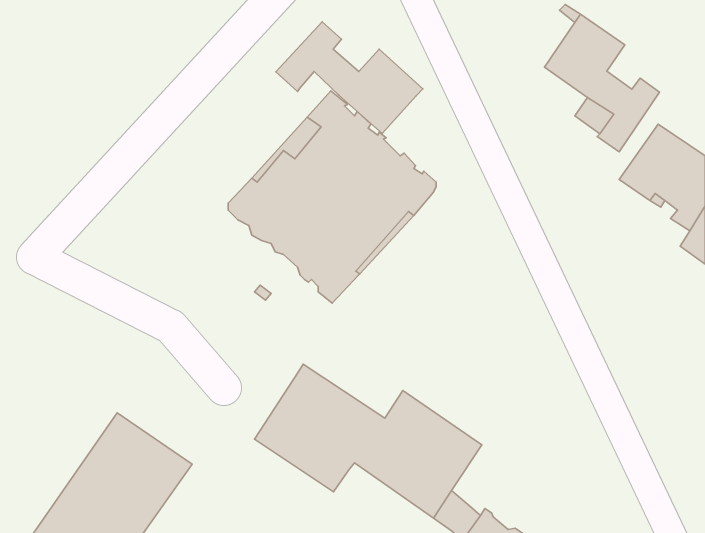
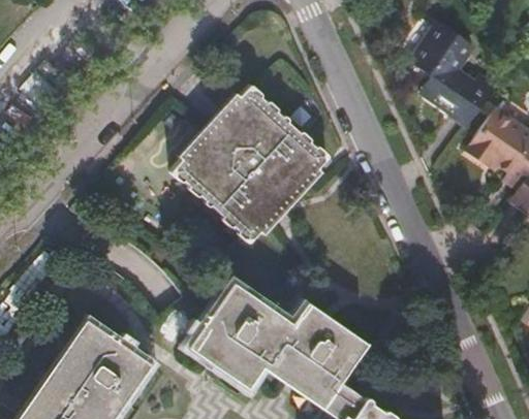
building: [276,22,423,134] -> none

